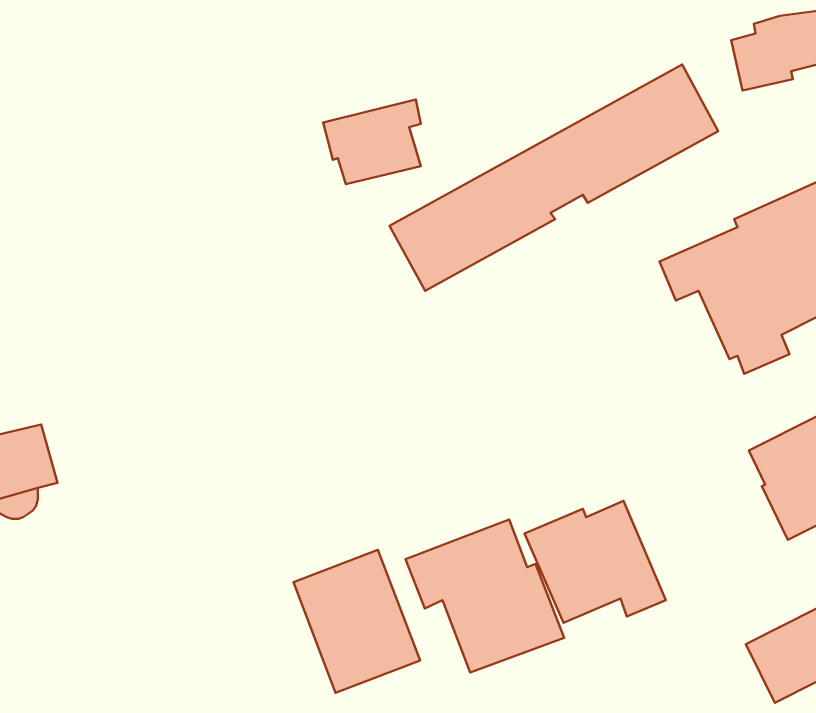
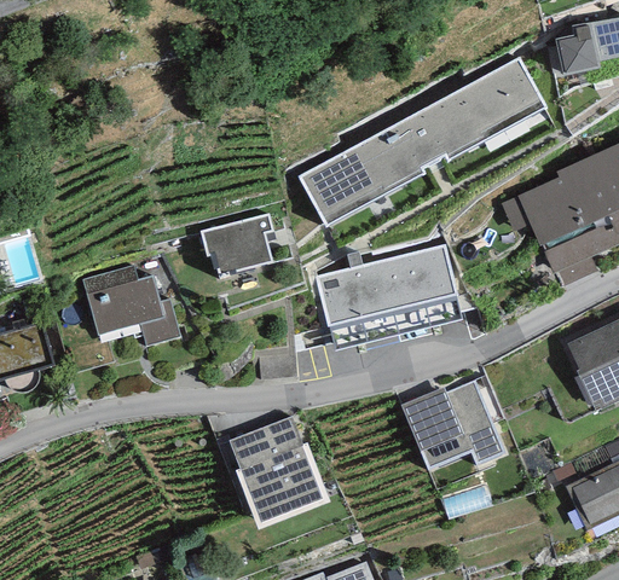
building: [323,100,421,184] -> [199,213,272,275]
building: none -> [314,243,463,350]
building: none -> [82,263,180,346]
building: [406,519,564,673] -> none

